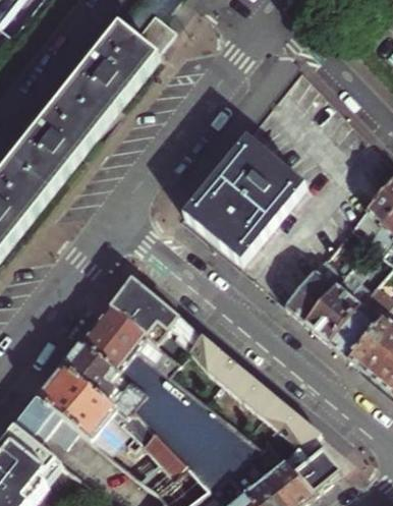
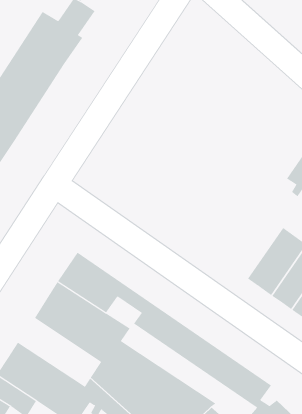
building: [182,135,306,261] -> none
building: [286,255,354,320] -> none
building: [62,340,146,415] -> none

